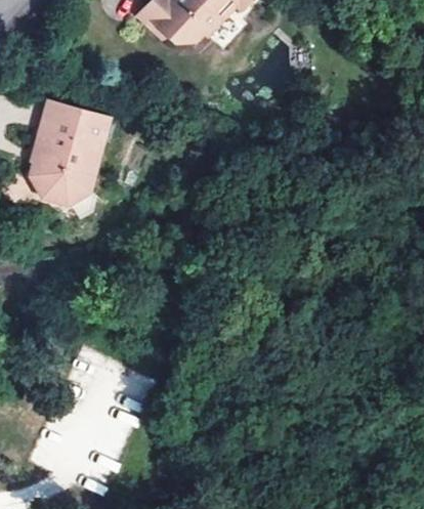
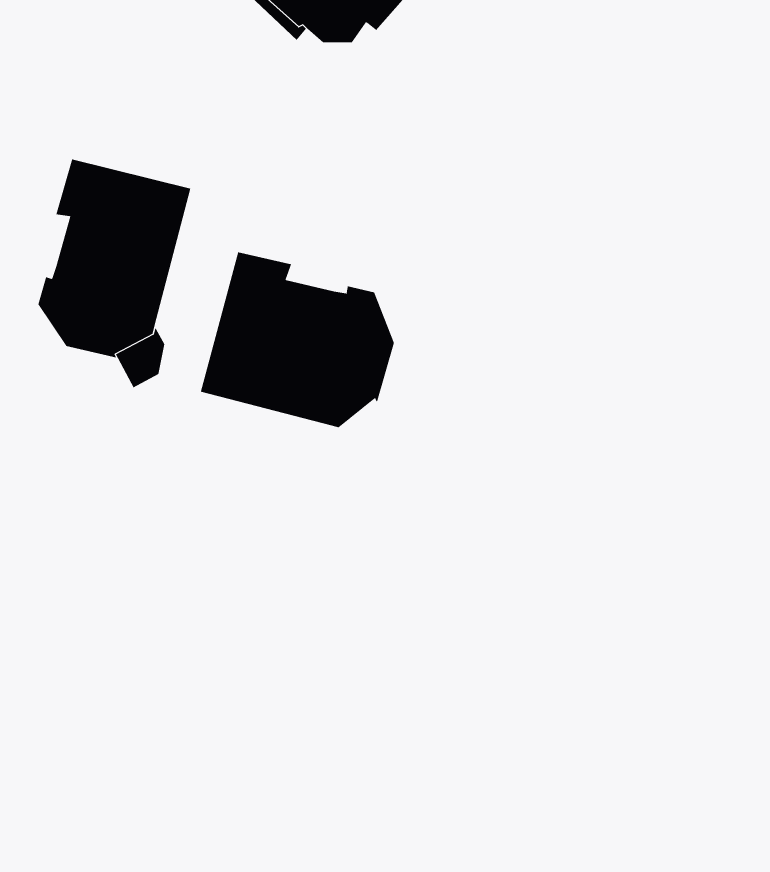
building: none -> [200,251,394,428]

